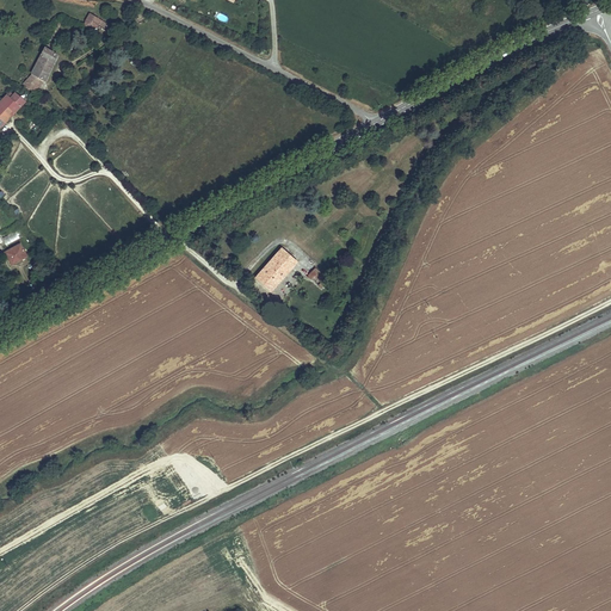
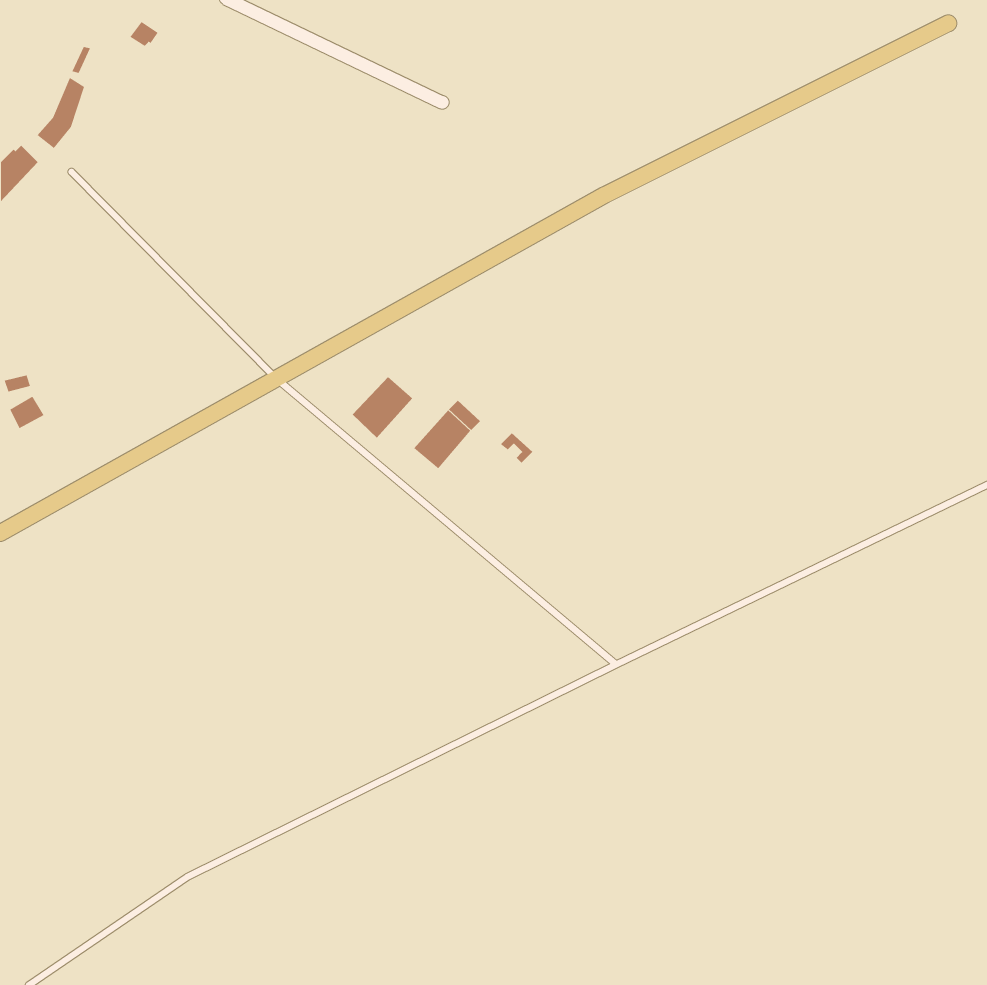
building: none -> [352,376,413,439]

